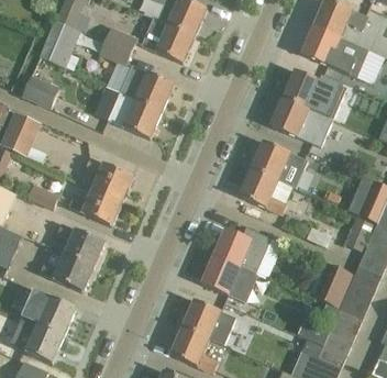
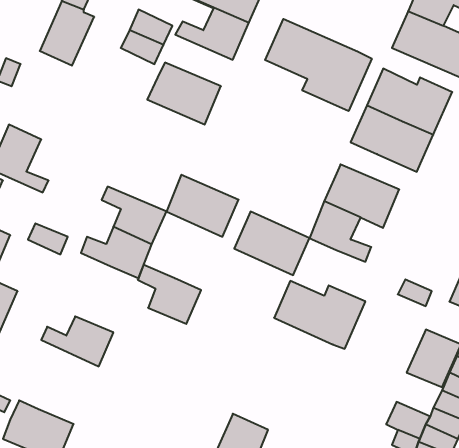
building: none -> [265,19,372,111]
building: [22,75,59,108] -> none
building: [108,92,162,138] -> [166,175,239,237]
building: [57,222,104,266] -> [138,265,201,324]
building: [201,255,257,302] -> [234,212,309,275]
building: [23,289,76,334] -> none
building: [183,299,235,344] -> none

